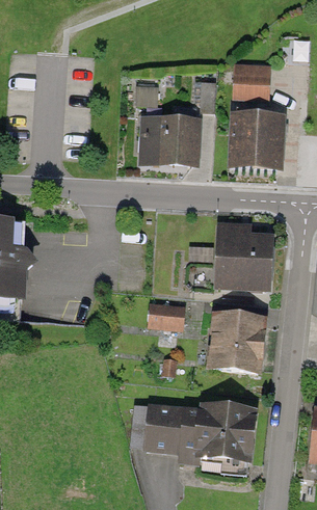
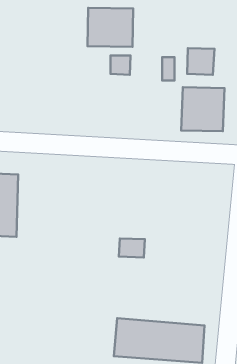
building: [141,116,199,165] -> [87,8,133,47]
building: [216,236,269,280] -> none
building: [209,311,265,372] -> none

